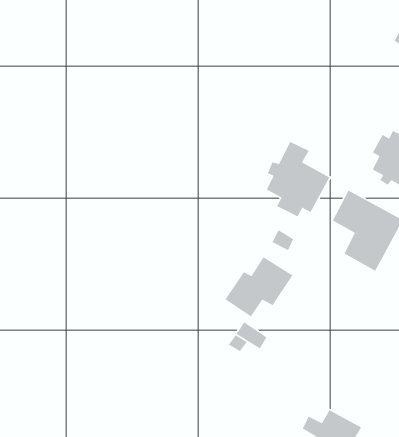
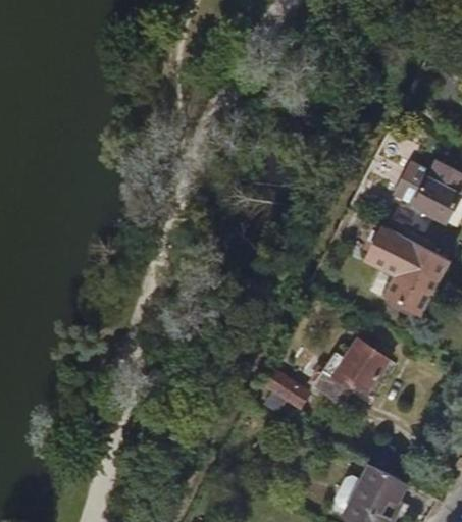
building: [266,141,331,217] -> none
building: [225,256,294,318] -> [313,342,388,408]

